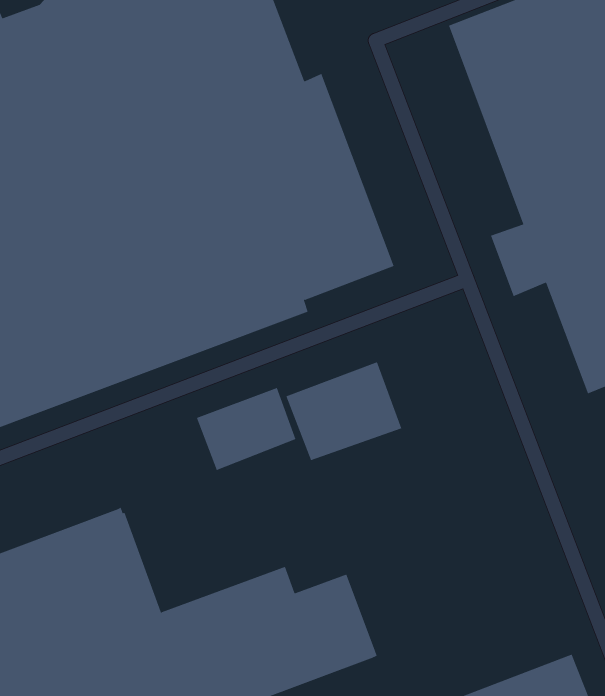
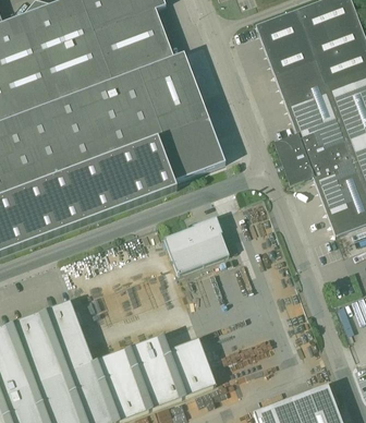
building: [196,387,296,471] -> none

